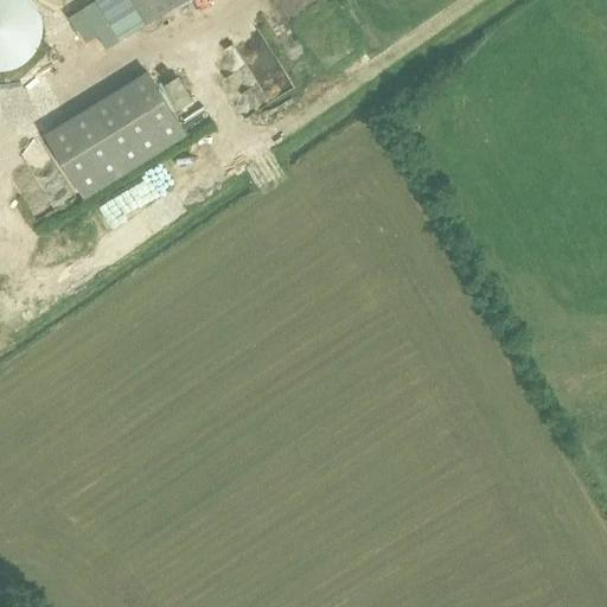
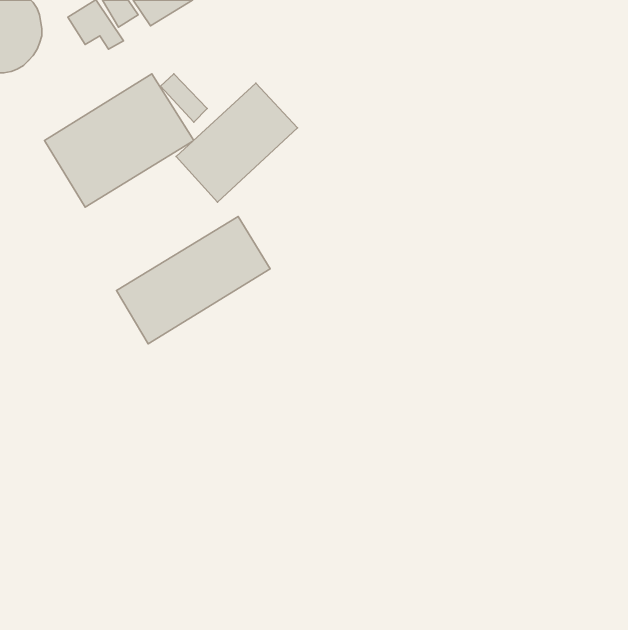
building: none -> [176,83,298,202]
building: none -> [116,216,270,344]

